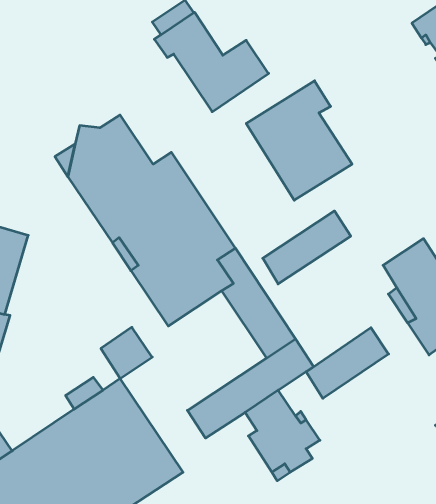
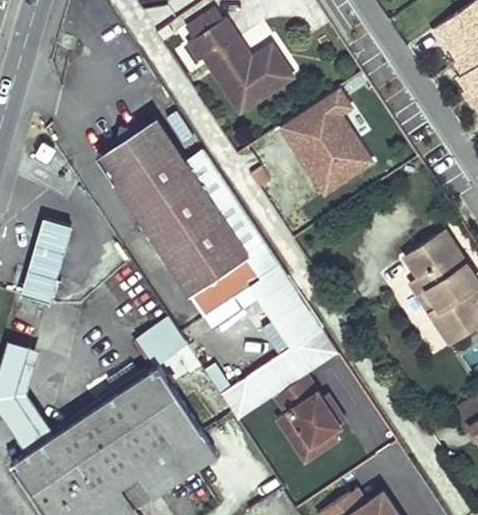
building: [263,211,351,284] -> none
building: [306,328,389,398] -> none

